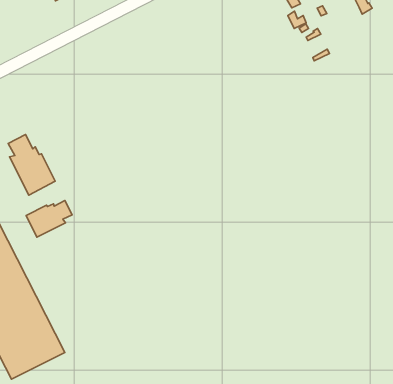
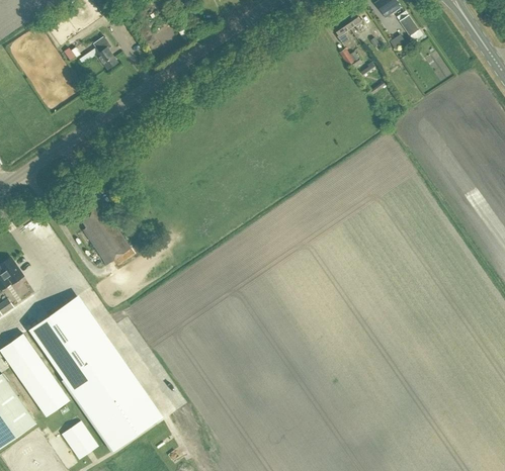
building: [26,201,72,237] -> none

